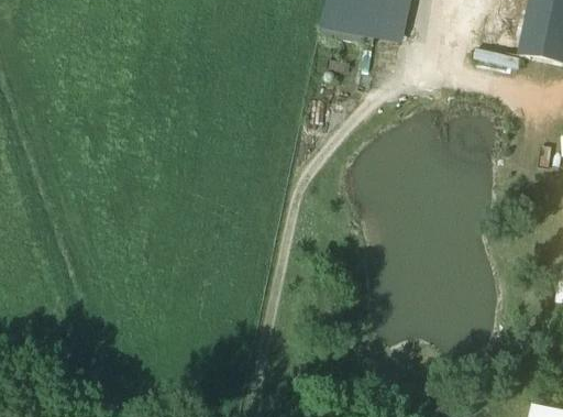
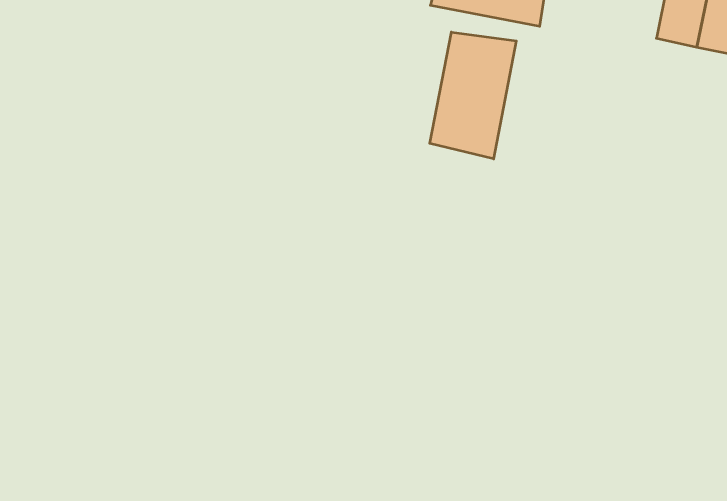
building: none -> [430,32,516,159]

